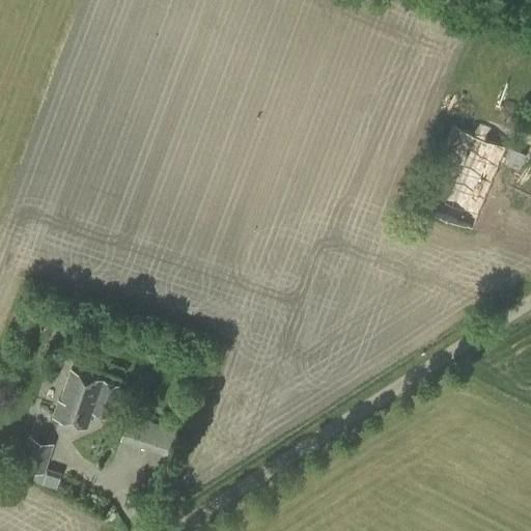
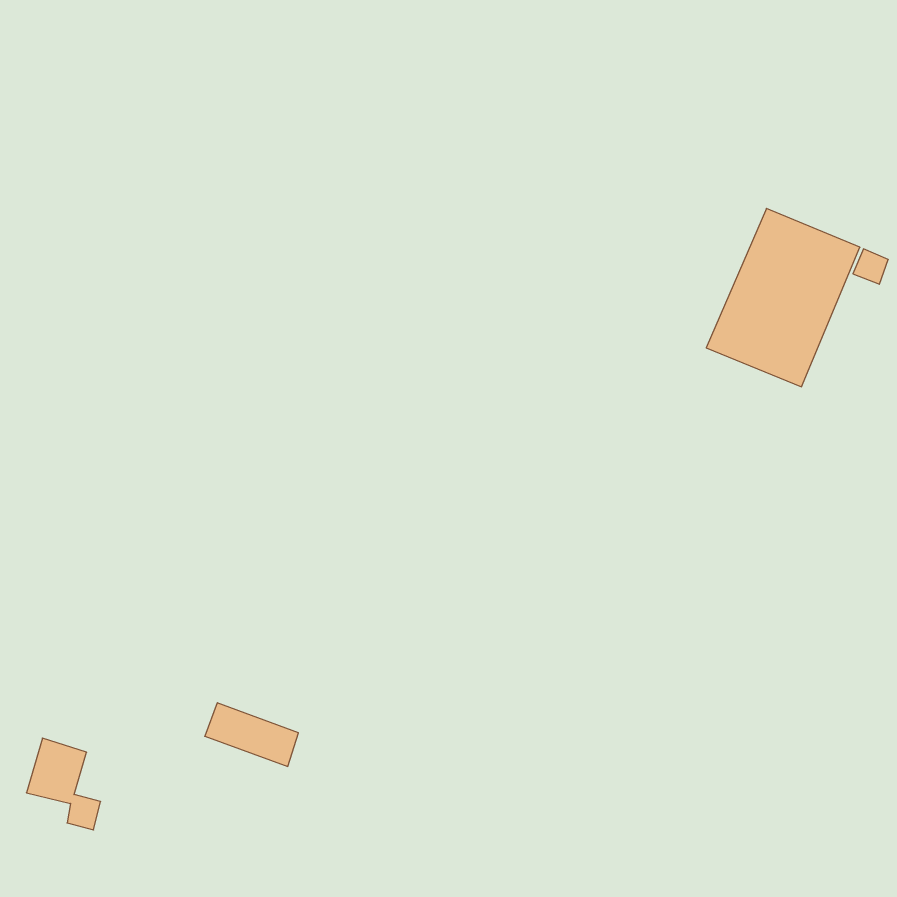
building: [53,370,119,428] -> none

